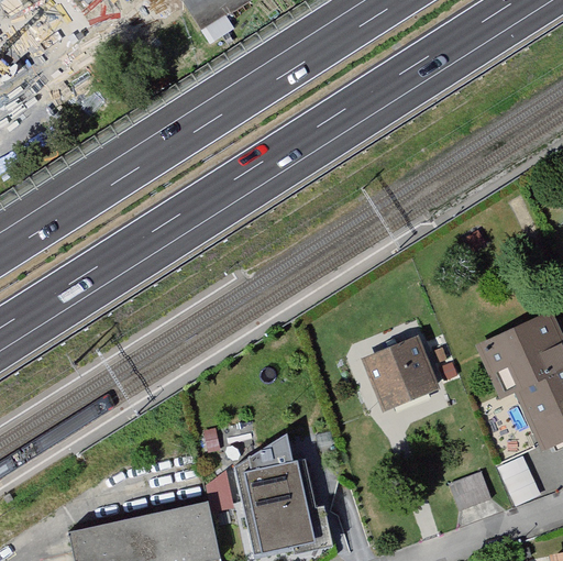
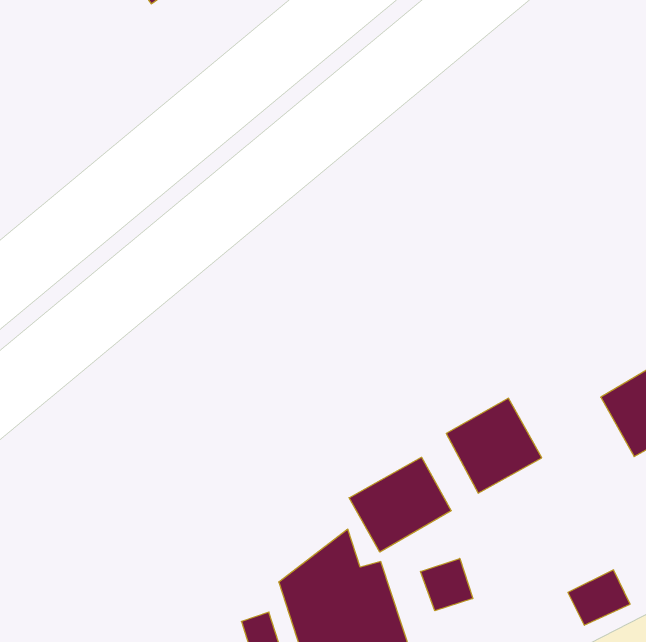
building: none -> [349,457,451,552]
building: none -> [421,558,473,611]

